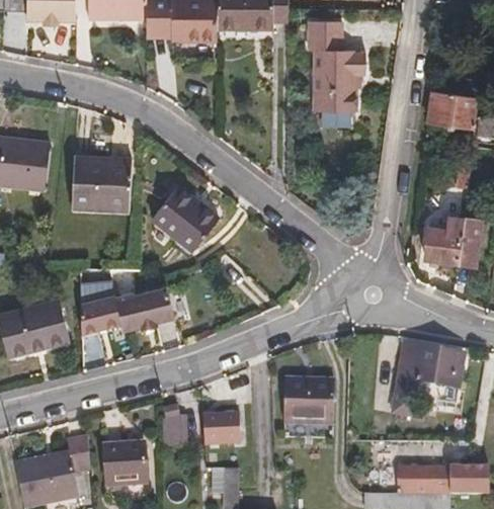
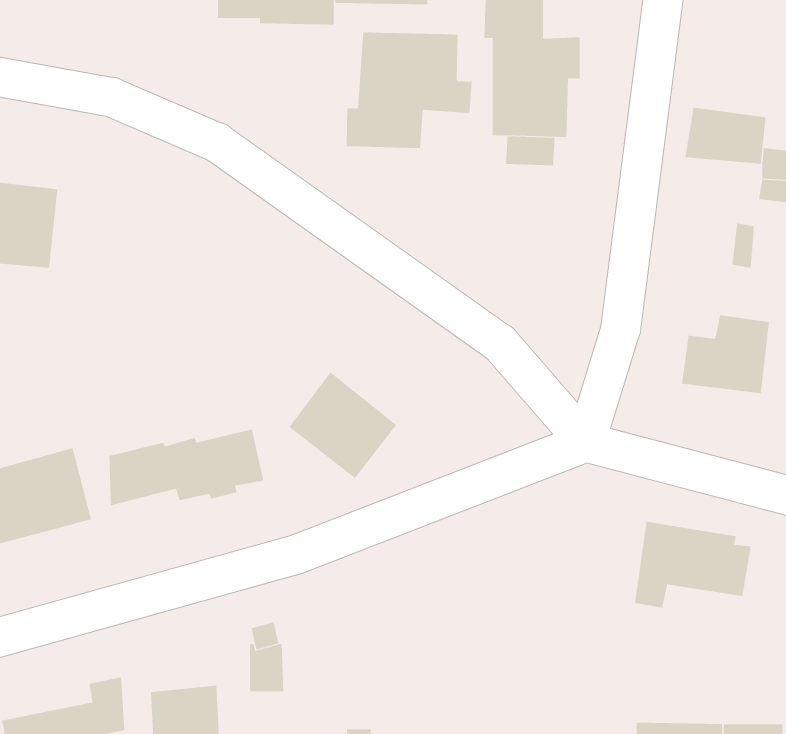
building: none -> [346,31,472,149]
building: [72,156,131,210] -> none
building: [152,185,218,250] -> [288,372,397,479]
building: [283,378,335,437] -> none
building: [202,415,238,447] -> none

